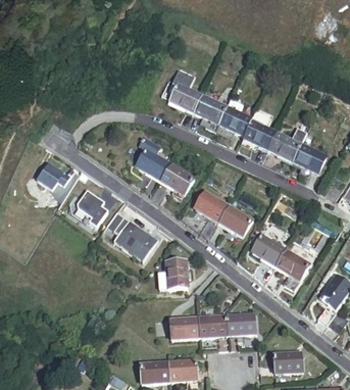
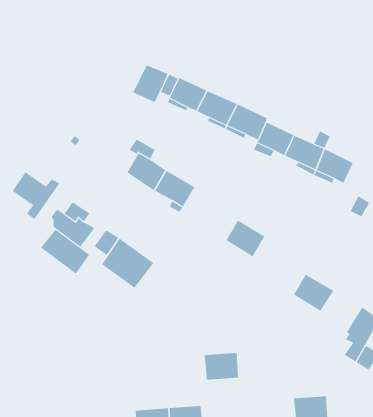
building: none -> [132,65,168,103]
building: [192,187,227,220] -> none
building: none -> [40,229,90,274]
building: [249,233,284,265] -> none
building: [161,259,189,289] -> none
building: [227,313,256,336] -> none
building: [170,316,200,340] -> none

